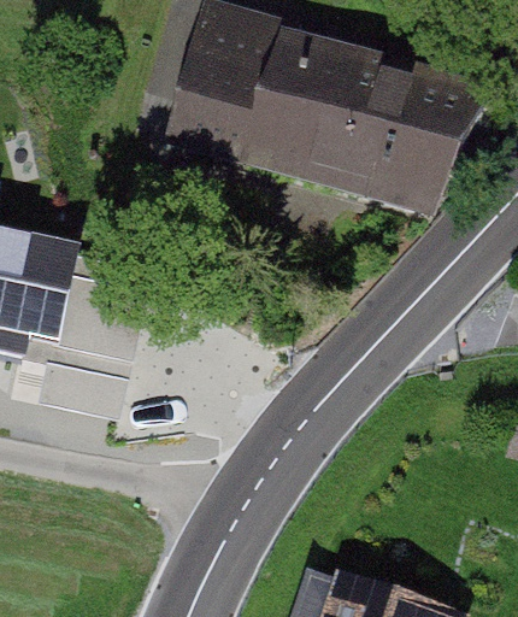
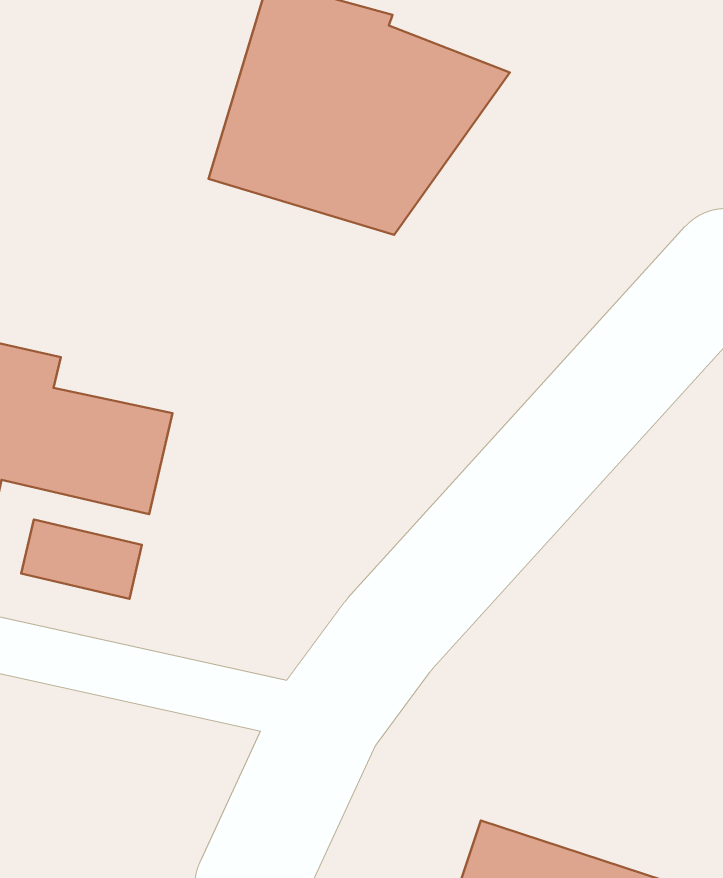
building: [290,60,484,206] -> none

